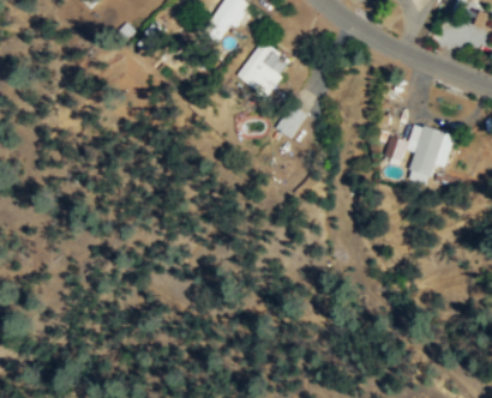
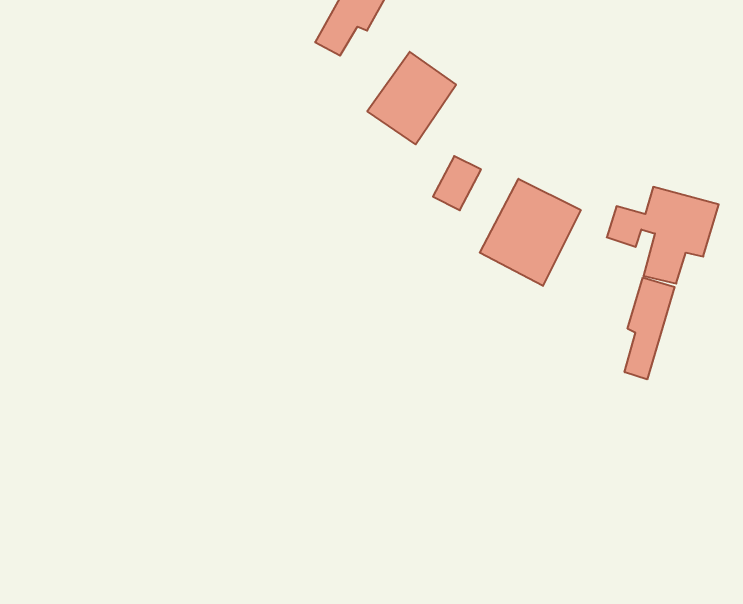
building: none -> [480,179,581,286]
building: none -> [625,278,675,379]

